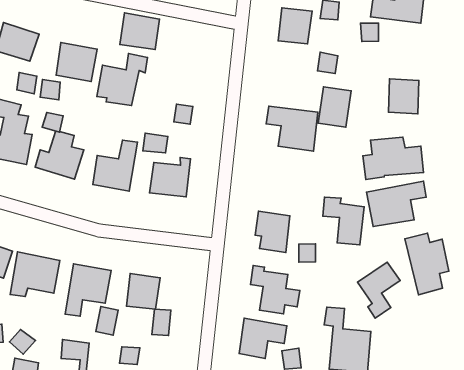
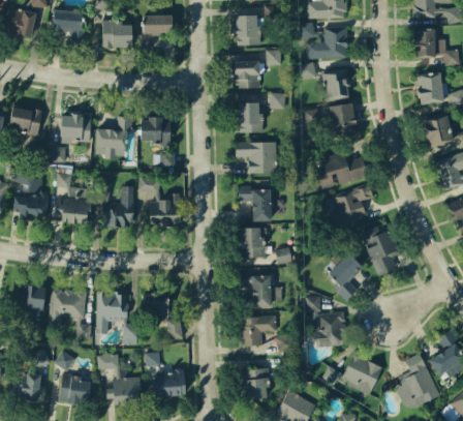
building: [120,13,160,50] -> [141,117,169,143]
building: none -> [320,67,349,100]
building: [318,87,351,127] -> [238,102,260,132]
building: [323,197,364,245] -> [237,185,271,221]

